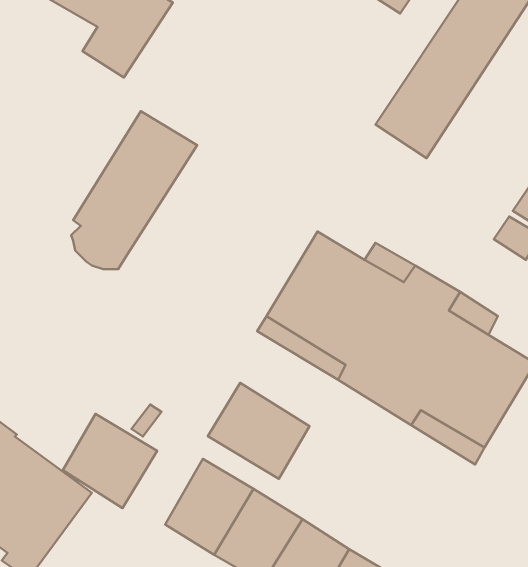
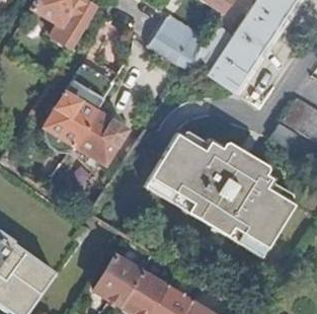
building: none -> [150,16,206,68]
building: none -> [75,110,126,163]
building: [208,383,310,479] -> none
building: [63,414,157,508] -> none

